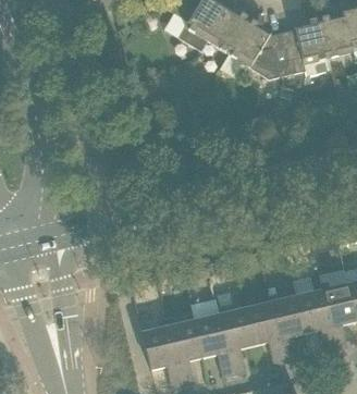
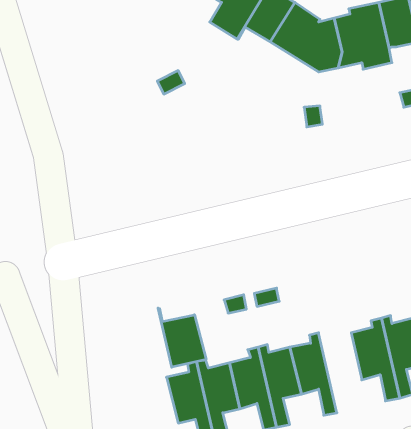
building: none -> [158,308,206,367]
building: [268,293,304,361] -> none

